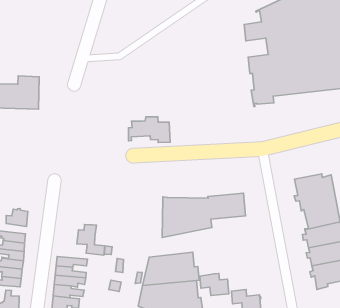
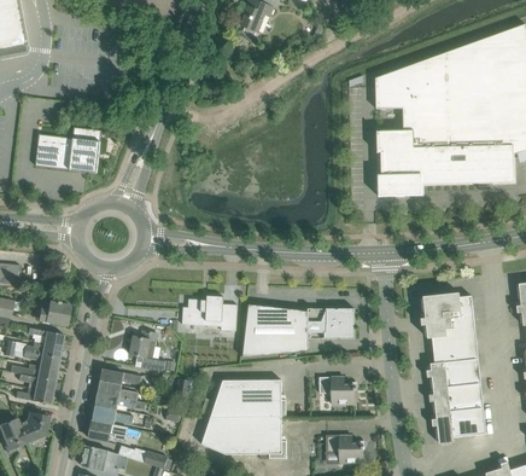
building: [128,117,170,143] -> [182,295,238,331]
building: [200,273,229,295] -> [320,376,356,404]

